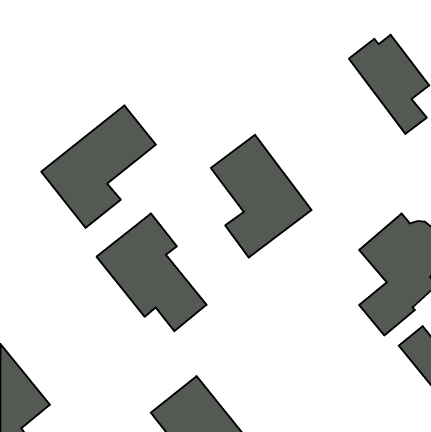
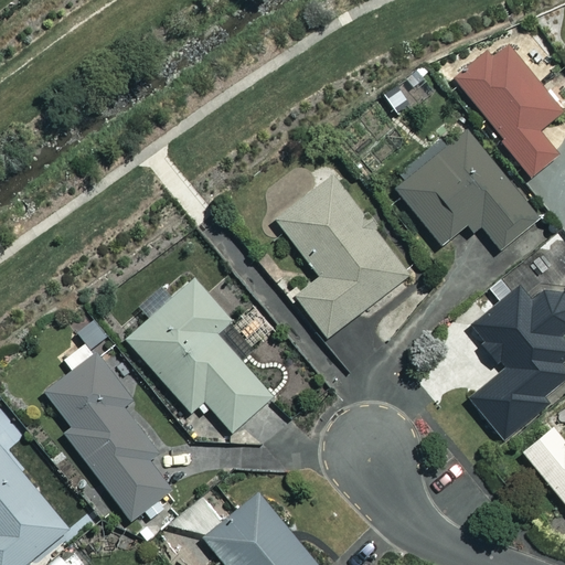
building: none -> [393,126,539,248]
building: [41,105,156,228] -> none
building: none -> [46,342,172,520]

